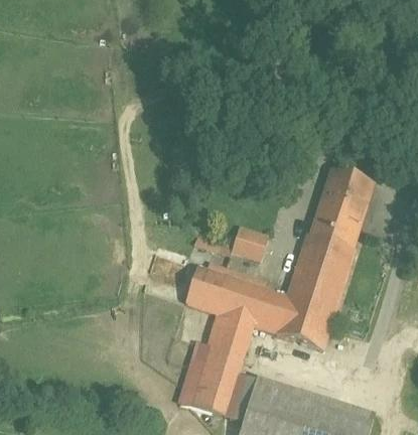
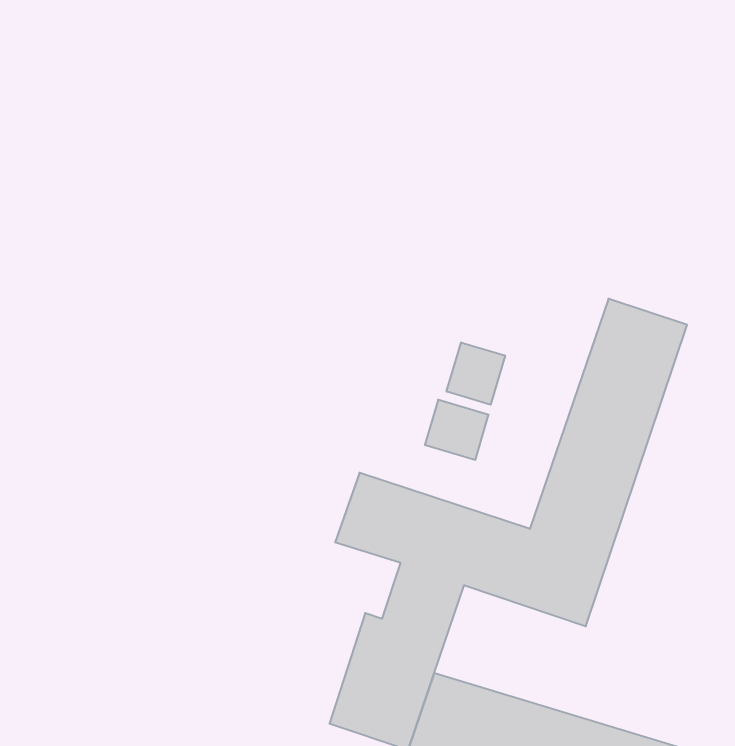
building: none -> [447,342,505,405]

